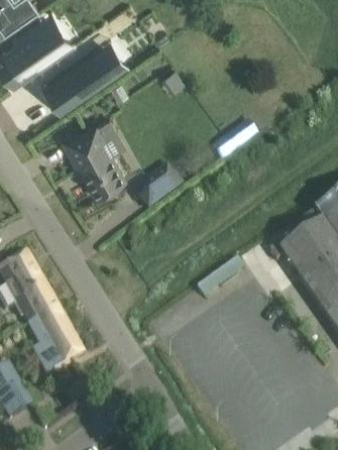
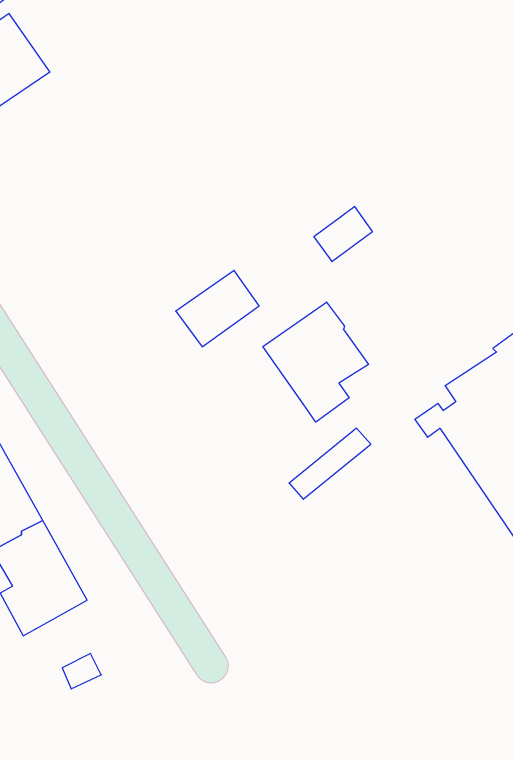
building: [41,45,118,108] -> none
building: [62,118,126,196] -> none
building: none -> [263,302,369,422]

